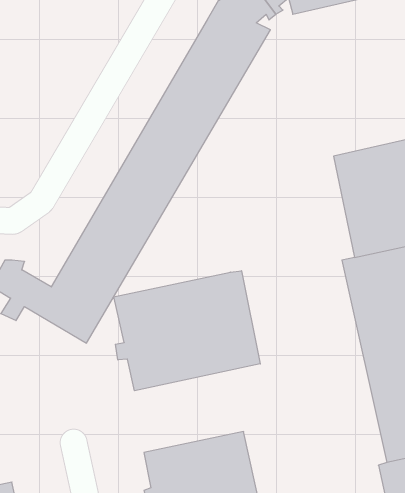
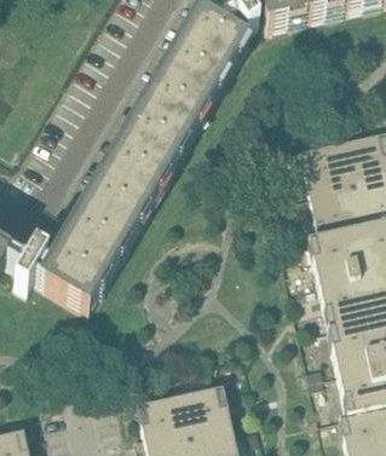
building: [113,271,260,391] -> none

